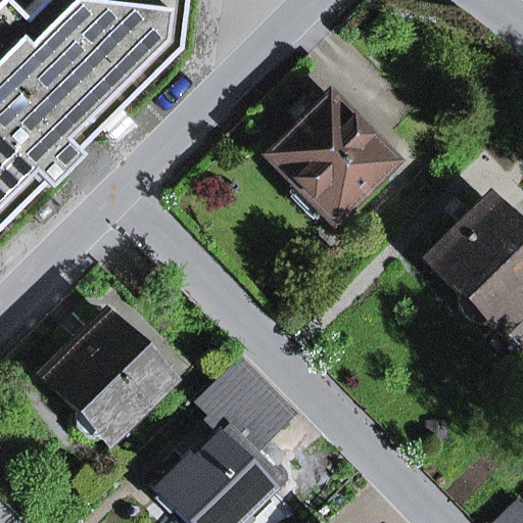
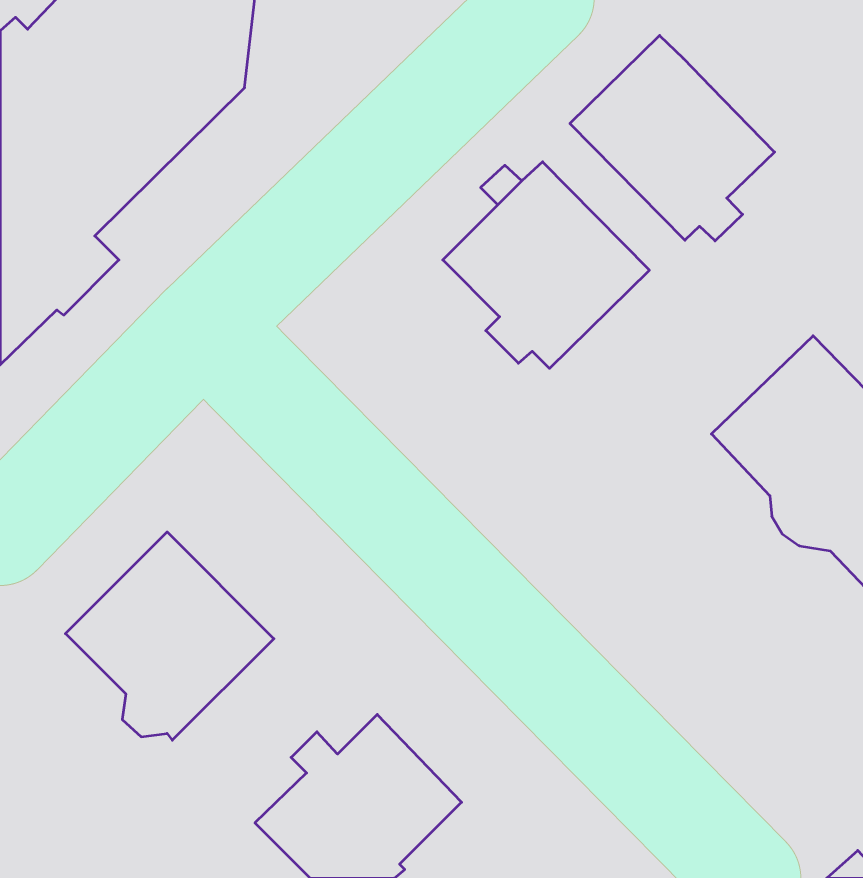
building: none -> [570,35,775,241]
building: [198,365,295,450] -> none

